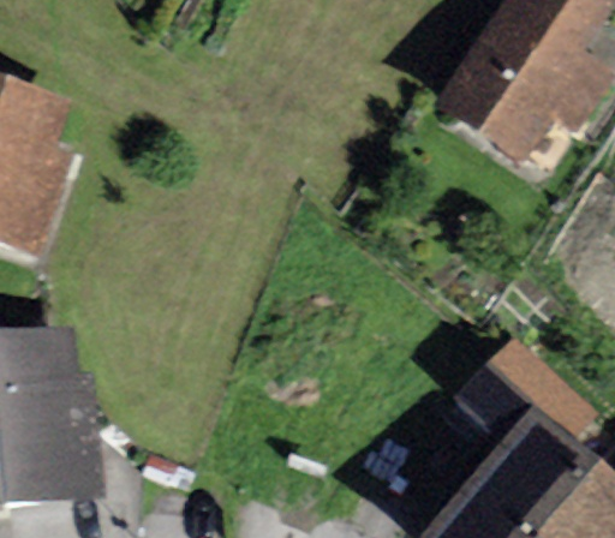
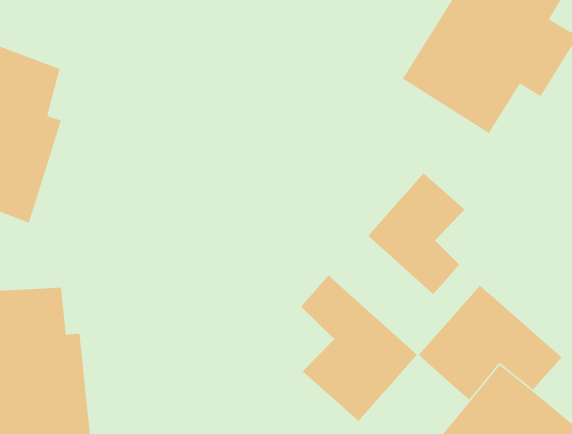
building: none -> [367,173,465,295]
building: none -> [300,274,418,422]

